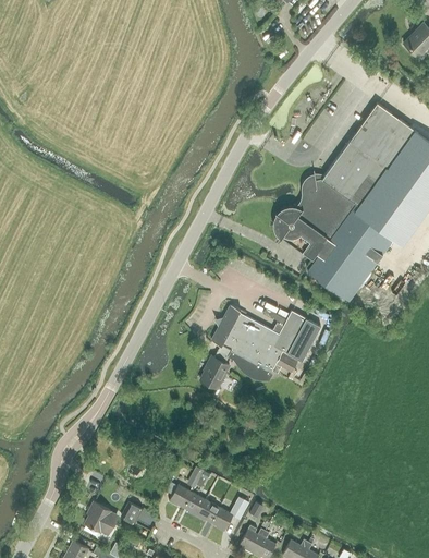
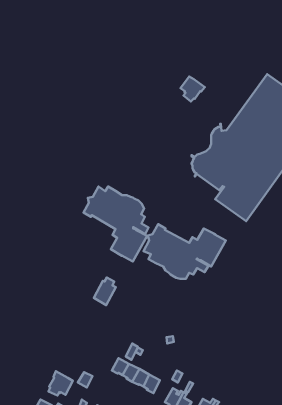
building: none -> [181,76,205,101]
building: none -> [84,187,149,262]
building: [200,353,230,390] -> [94,278,116,305]

